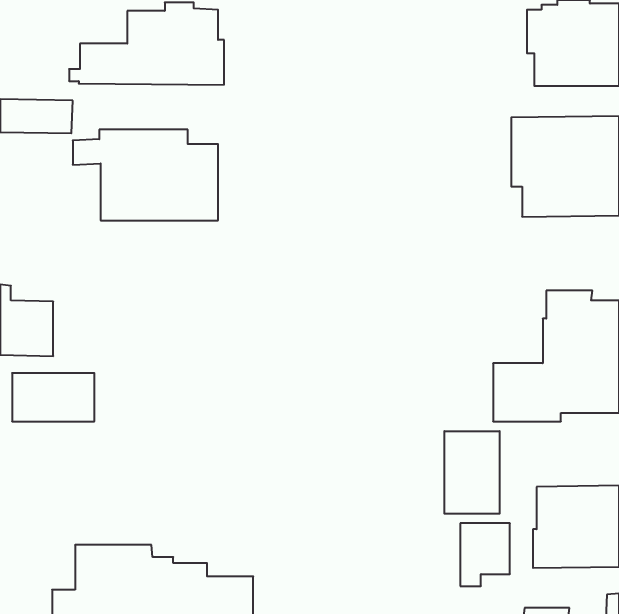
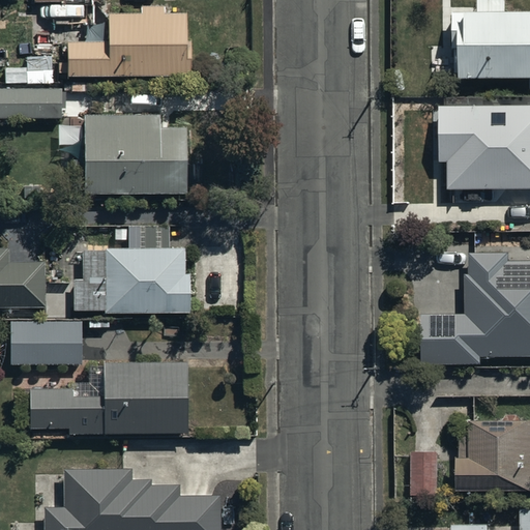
building: none -> [73,228,190,313]
building: none -> [30,361,186,434]
building: [444,431,500,514] -> none

